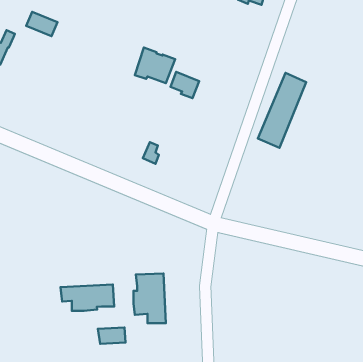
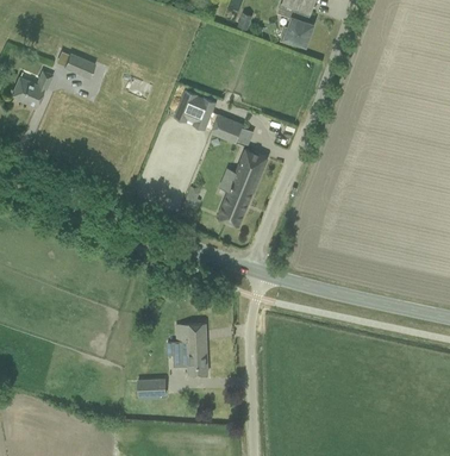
building: [258,73,306,148] -> [217,149,267,226]
building: [61,285,114,311] -> none

